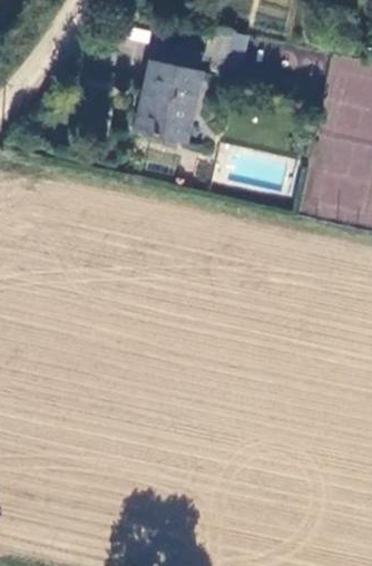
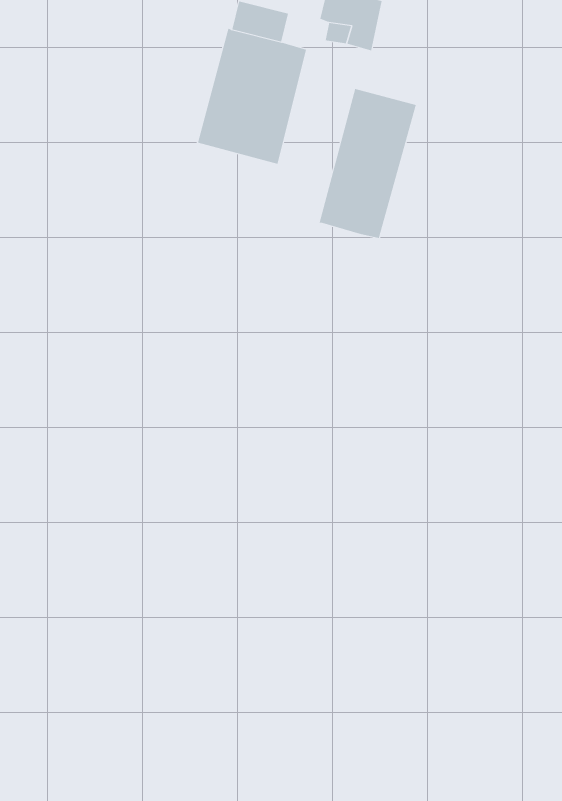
building: none -> [319,88,416,239]

